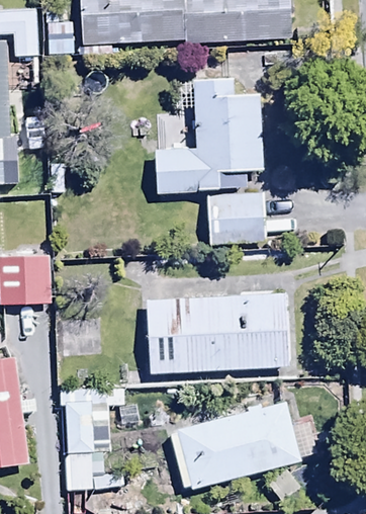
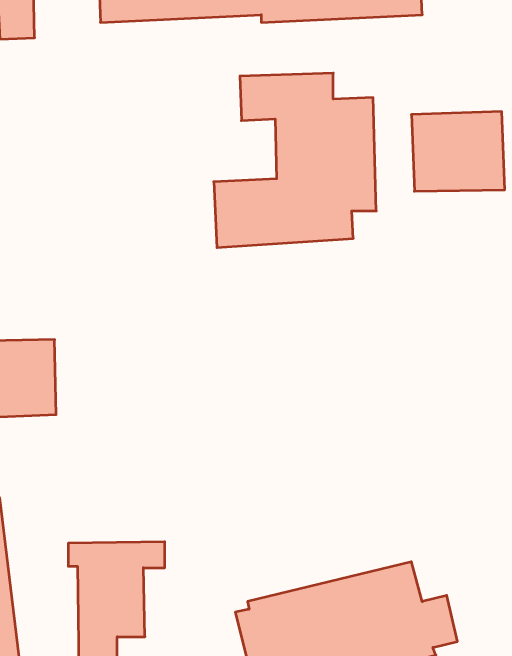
building: [206,191,268,244] -> [411,112,505,191]
building: [147,291,290,373] -> none

